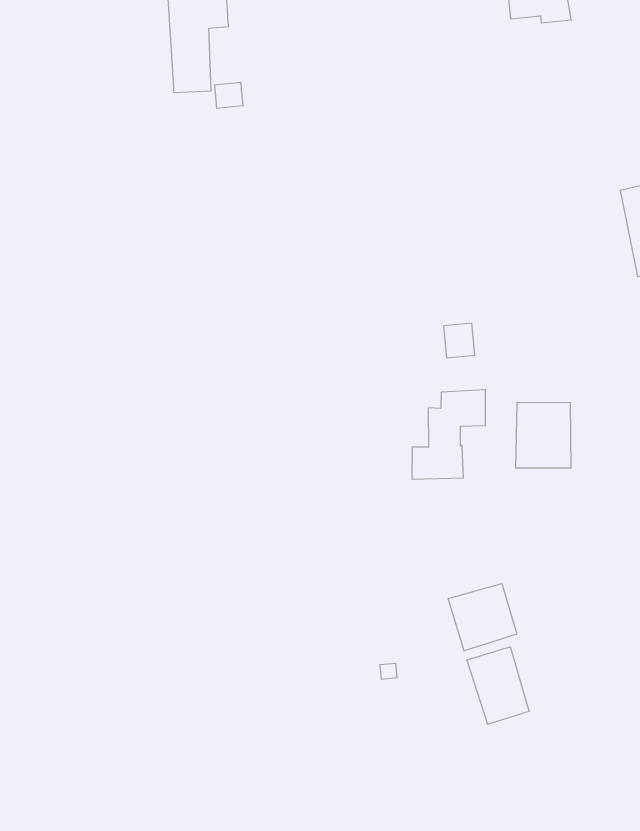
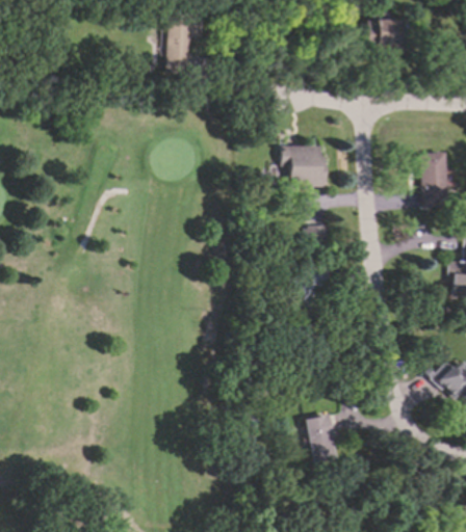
building: none -> [283,147,325,181]
building: [516,402,571,468] -> none
building: [448,584,517,651] -> none

